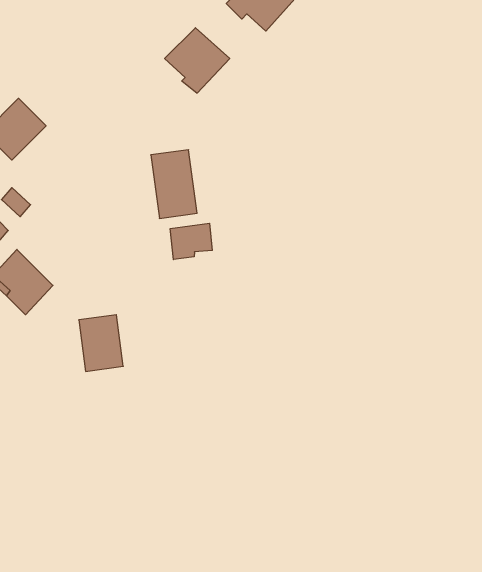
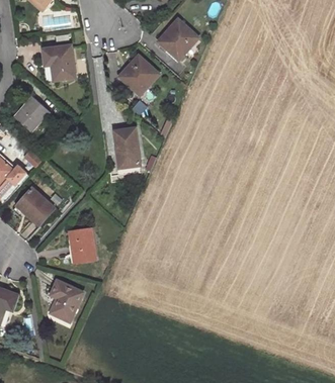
building: none -> [41,46,72,81]
building: [170,223,212,260] -> none
building: none -> [50,279,82,318]

